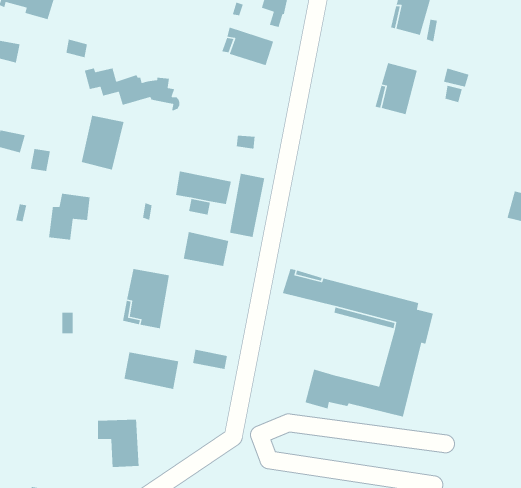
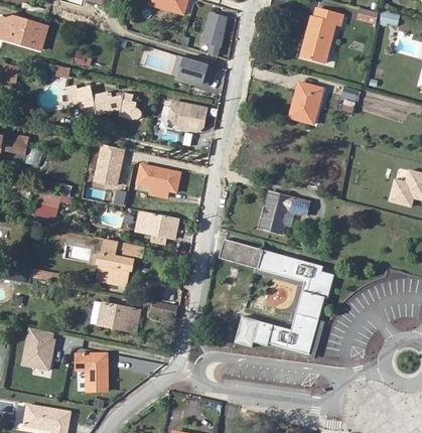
building: none -> [169,102,206,132]
building: [81,115,125,170] -> [92,145,125,187]
building: [229,173,265,238] -> none
building: none -> [258,191,308,233]
building: none -> [22,328,54,371]

